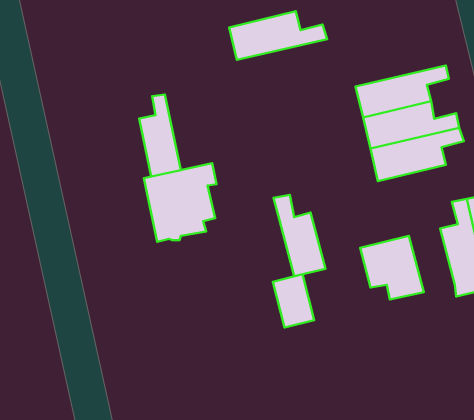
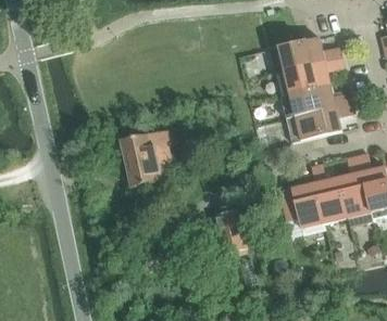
building: [229,11,327,60] -> [270,36,341,72]
building: [139,95,181,177] -> none
building: [274,195,325,276] -> [310,163,348,222]

